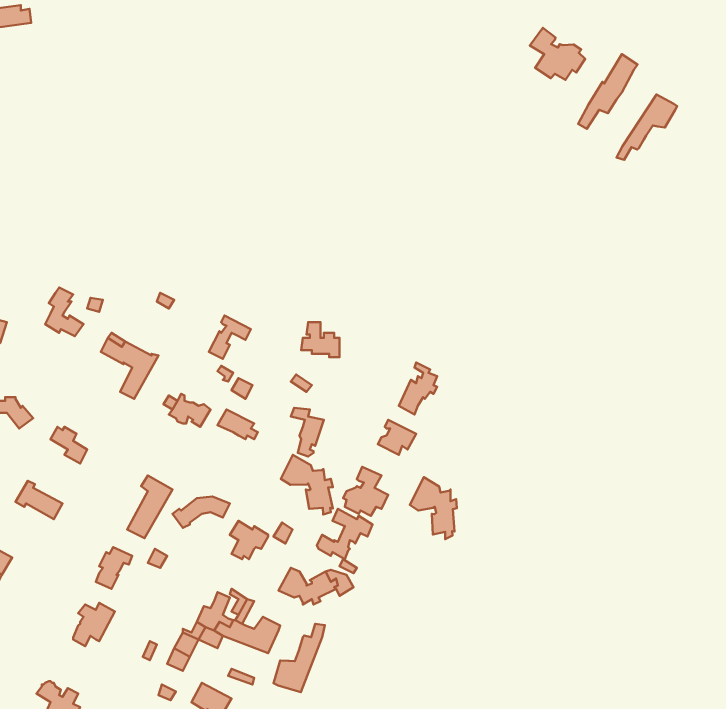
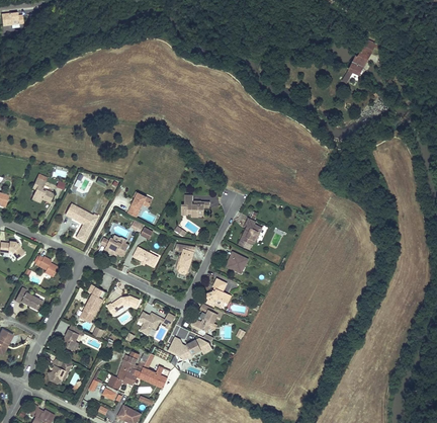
building: [530,28,585,80] -> none
building: [616,95,677,160] -> none
building: [281,455,333,515] -> none
building: [410,477,457,539] -> none
building: [273,624,325,692] -> none

